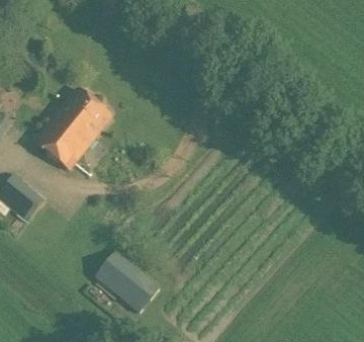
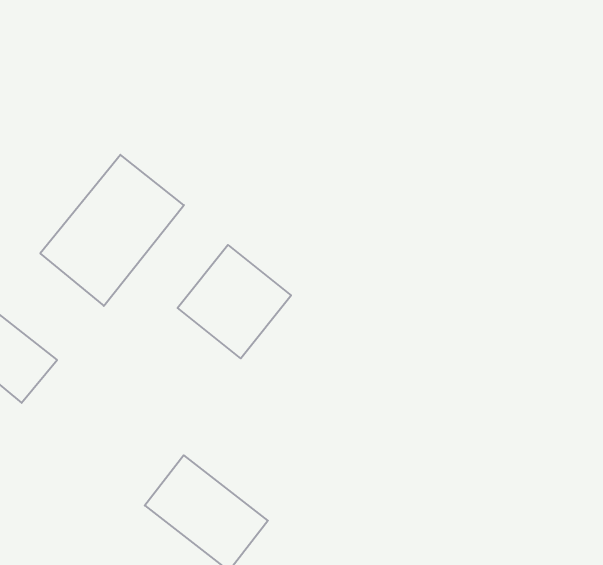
building: none -> [178,245,291,358]

